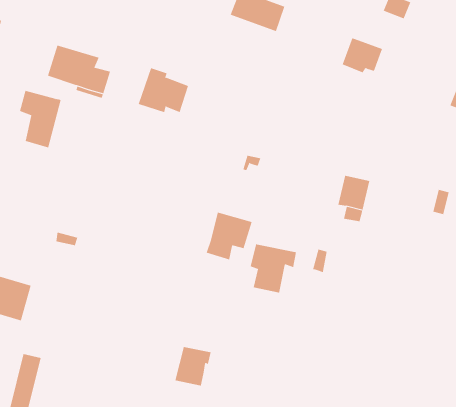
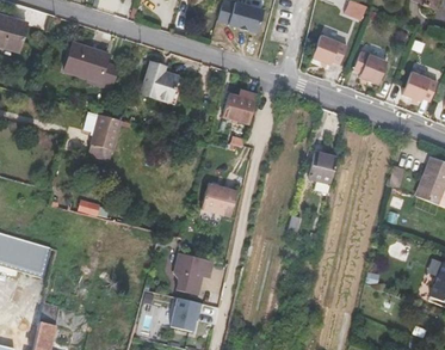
building: none -> [353,51,387,85]
building: [19,90,62,148] -> [84,111,119,160]
building: none -> [223,91,255,124]
building: [250,244,297,293] -> [174,252,214,294]

